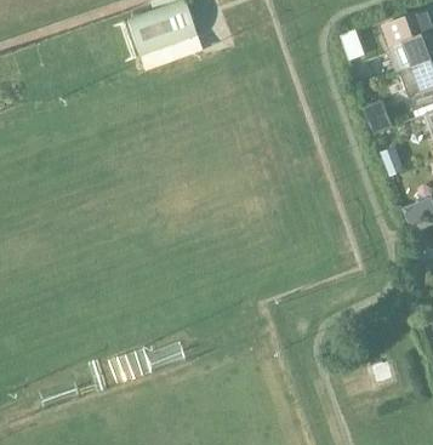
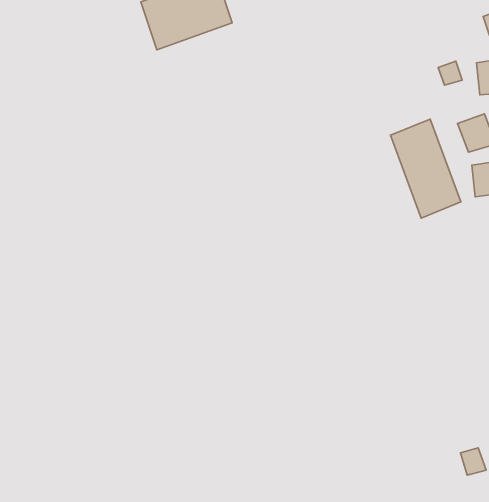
building: none -> [391,119,461,218]

